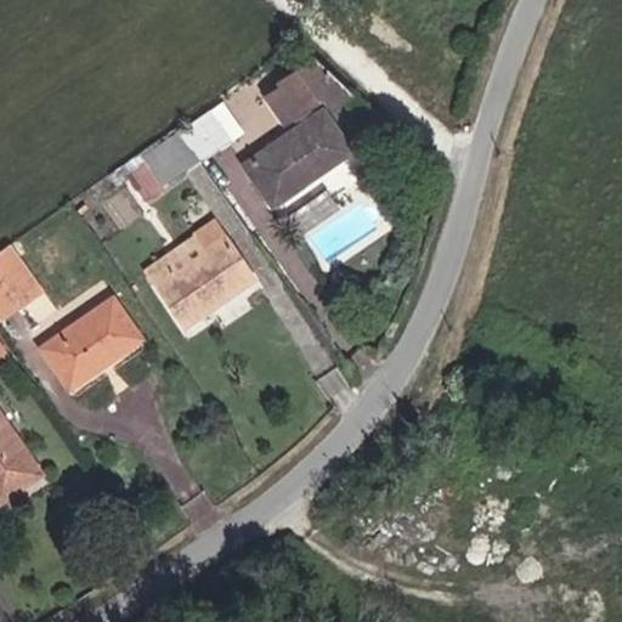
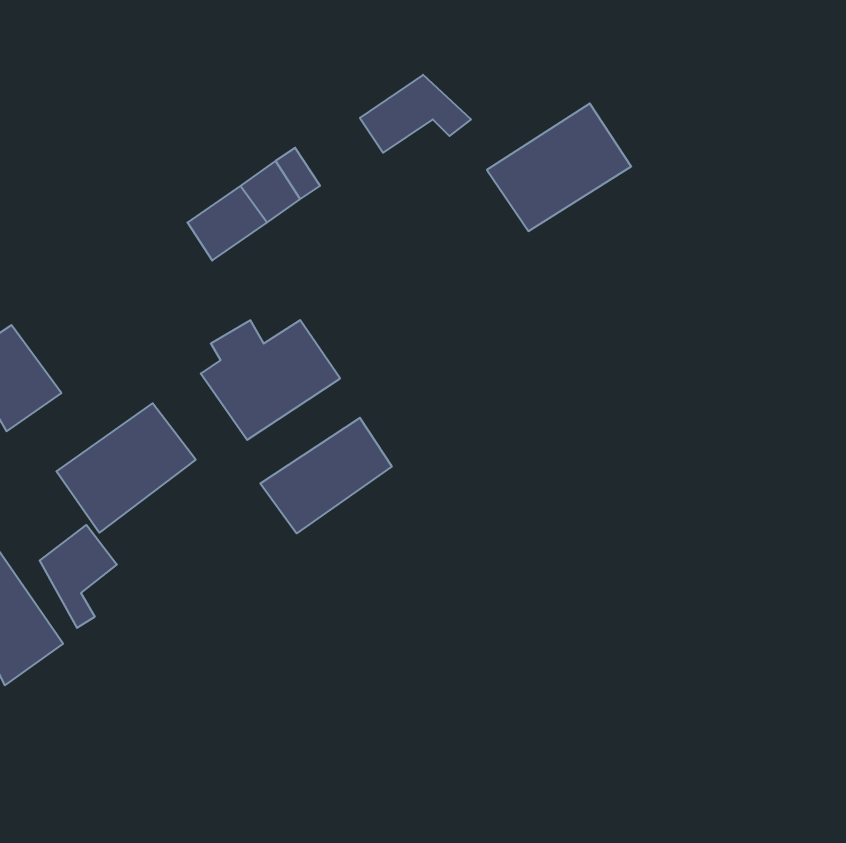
building: [245,108,351,202] -> [487,103,631,231]
building: none -> [260,418,392,533]
building: none -> [40,525,117,628]

